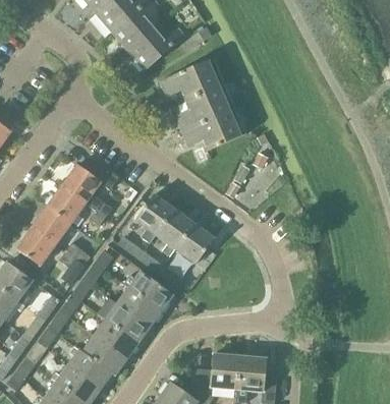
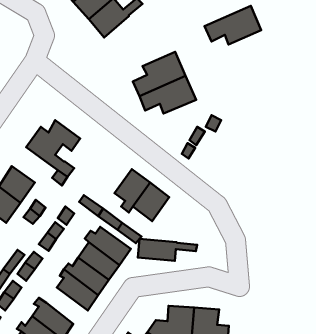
building: [159,60,219,101] -> [205,6,261,44]
building: [46,186,85,224] -> none
building: [134,194,173,242] -> none
building: none -> [138,239,197,261]
building: [82,335,126,376] -> none

